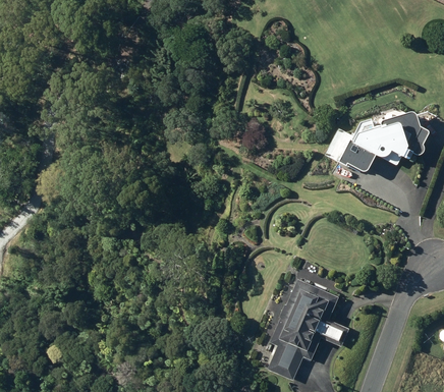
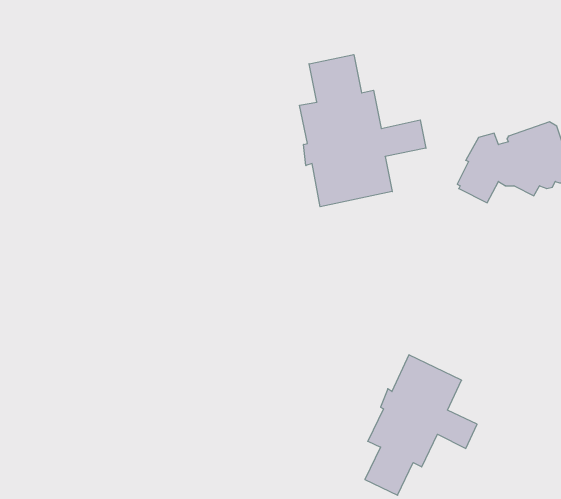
building: none -> [300,55,426,207]

